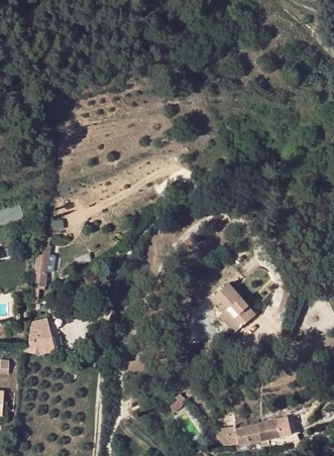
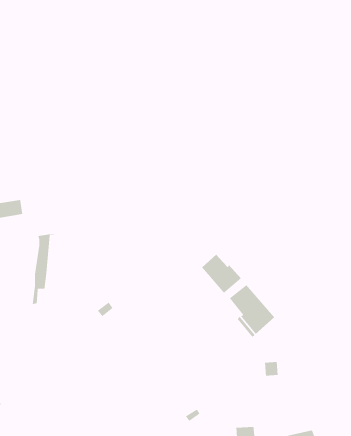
building: none -> [201,254,242,294]
building: [27,326,53,353] -> none

